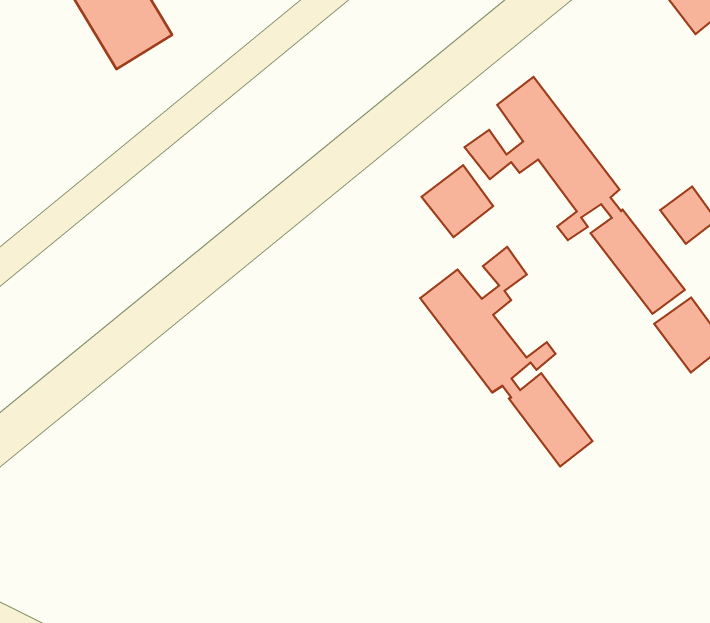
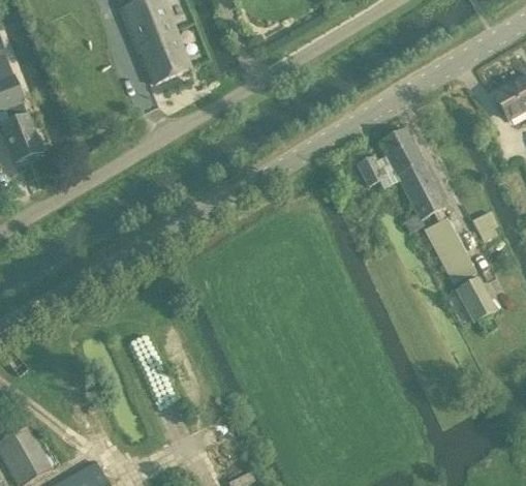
building: [422,165,493,237] -> none
building: [420,247,593,466] -> none

